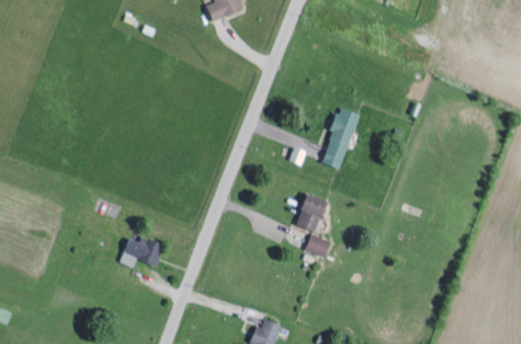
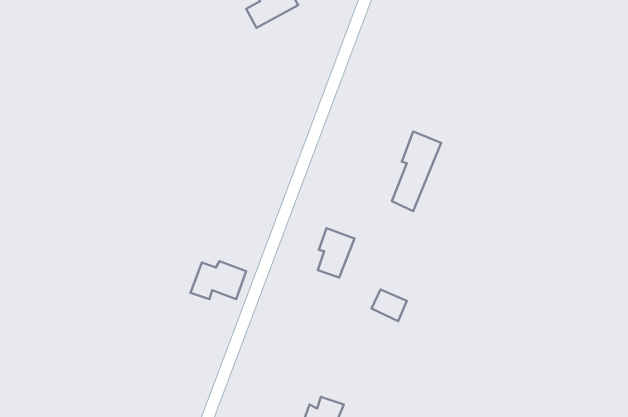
building: [296,193,326,233] -> [318,228,354,278]
building: [120,237,165,268] -> [191,261,246,299]

